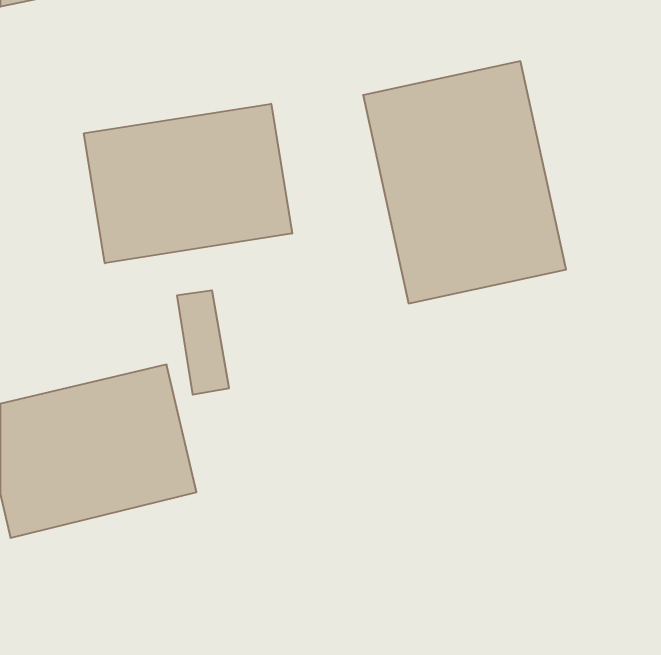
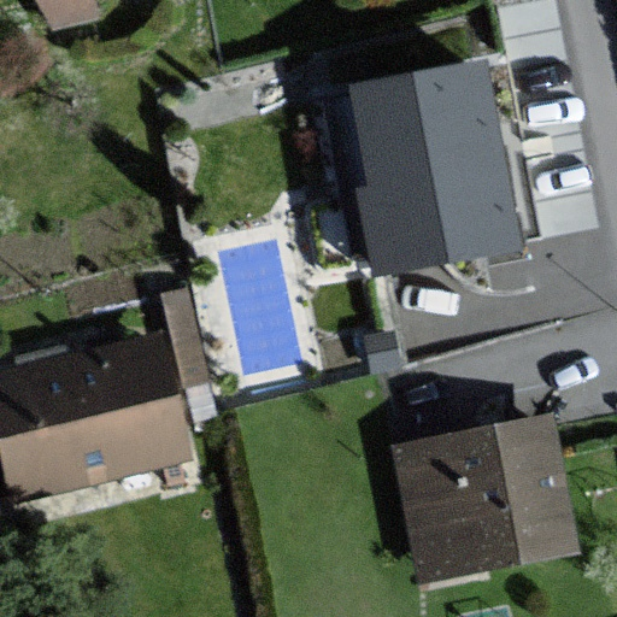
building: [84,104,292,263] -> none
building: none -> [388,413,577,578]

